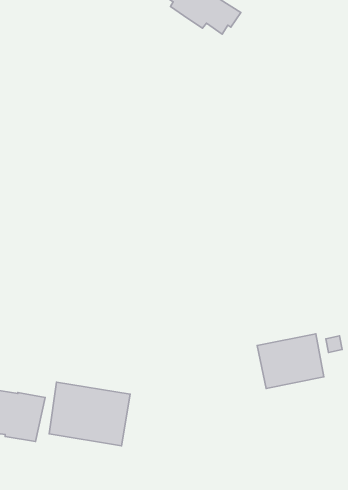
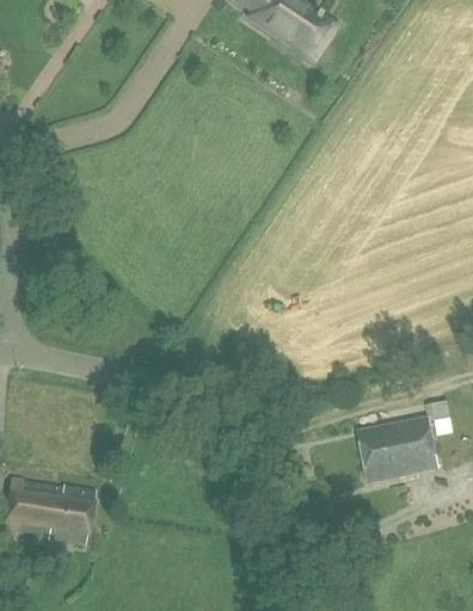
building: [49,382,130,446] -> none

